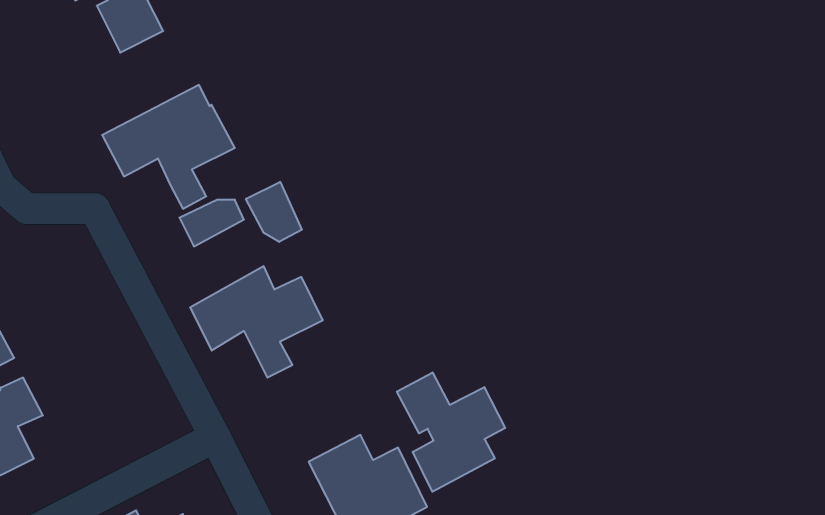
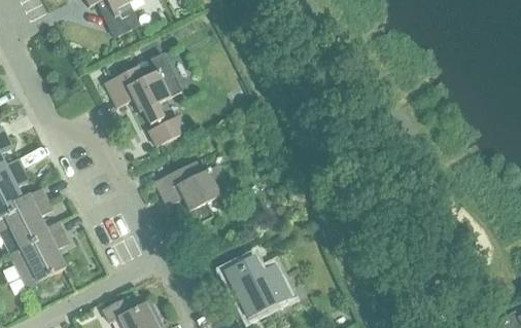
building: [246,182,302,242] -> none
building: [397,372,505,492] -> none

